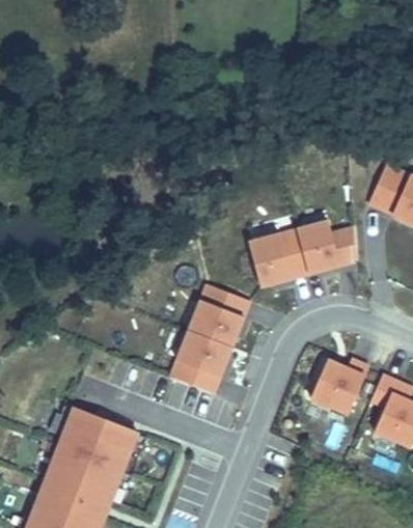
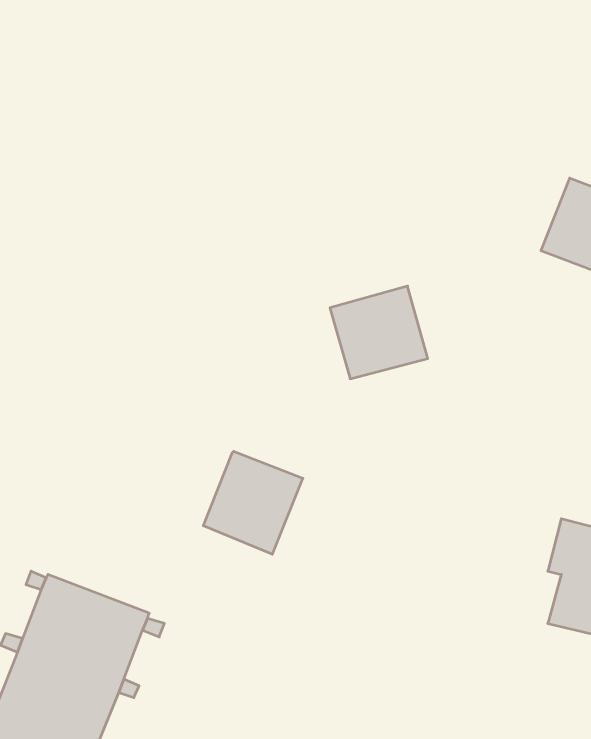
building: [293,222,353,275] -> none
building: [186,285,246,349] -> none
building: [316,359,371,416] -> none

